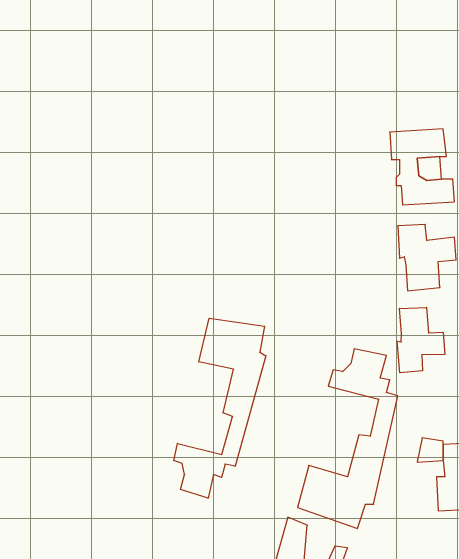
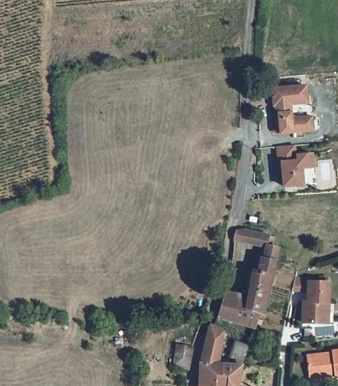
building: [397,307,445,373] -> none
building: [174,318,266,498] -> none

